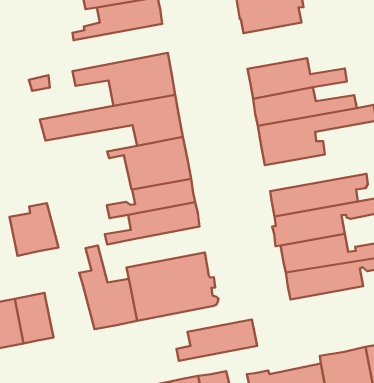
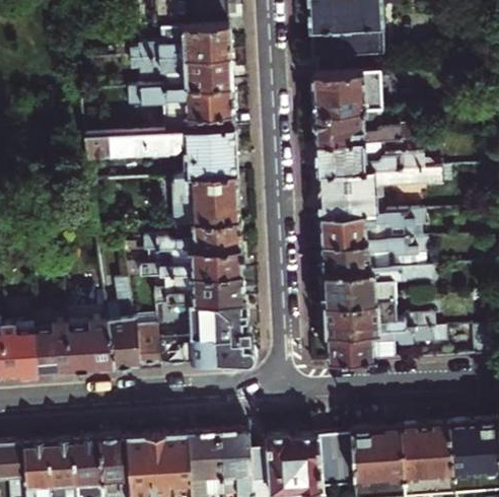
building: none -> [312,71,381,113]
building: none -> [134,53,232,88]
building: none -> [316,212,424,245]
building: [10,203,59,256] -> [68,318,116,370]
building: [176,320,257,361] -> [157,273,243,306]

